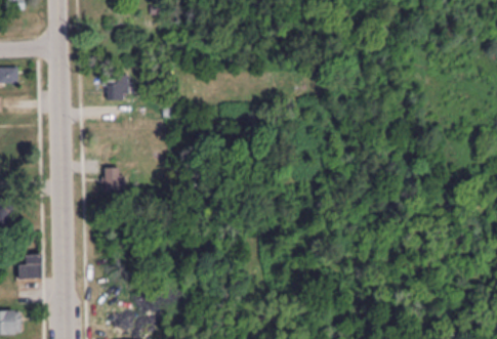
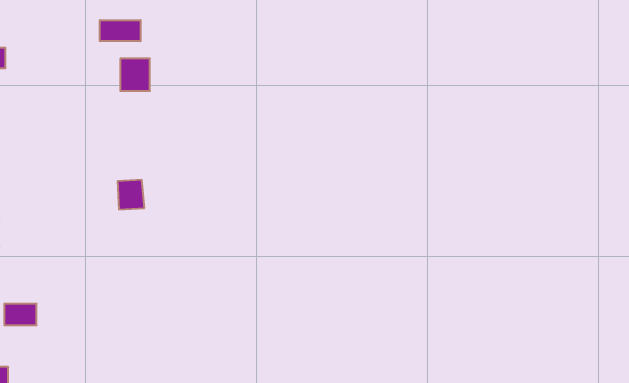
building: none -> [100,20,141,41]

